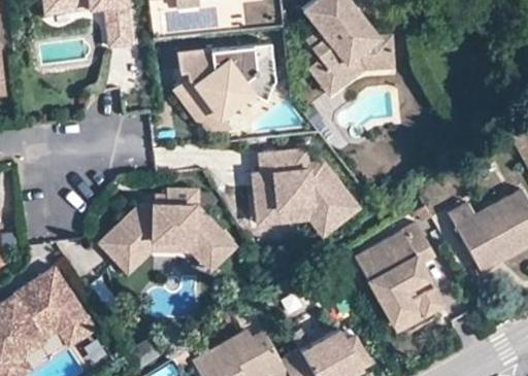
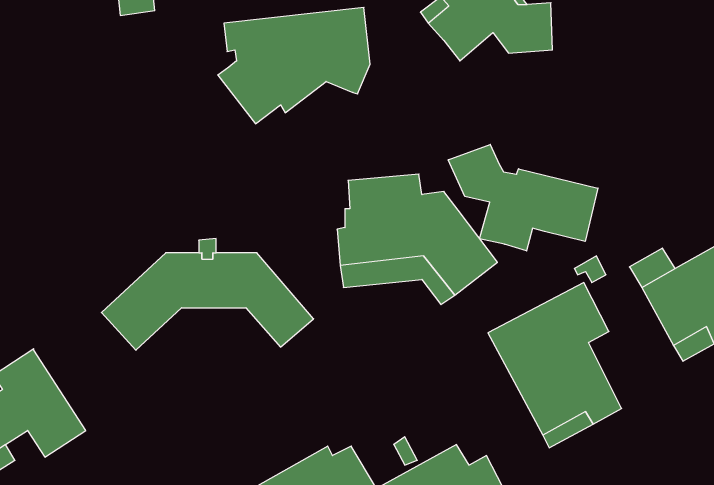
building: [312,59,366,99] -> none
building: [200,91,264,127] -> none
building: none -> [448,144,598,251]

